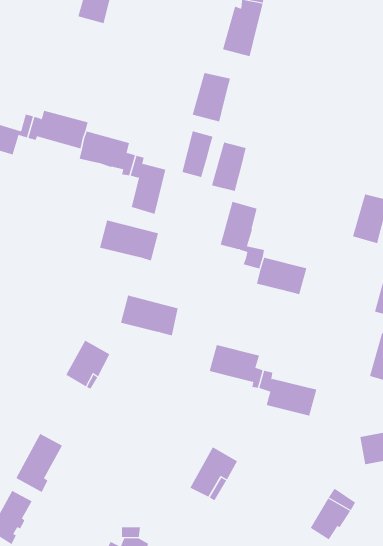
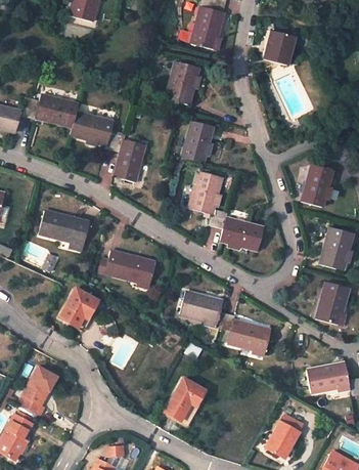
building: none -> [265,31,294,66]
building: [182,130,213,178] -> none
building: [99,220,159,261] -> [39,210,89,245]

